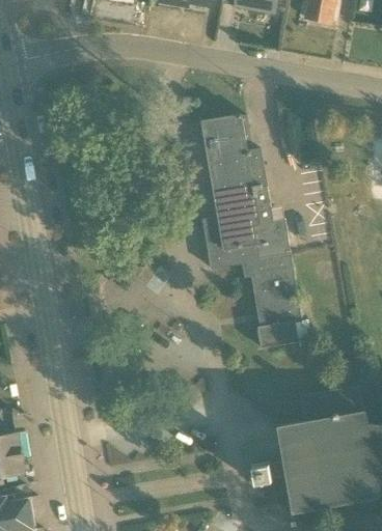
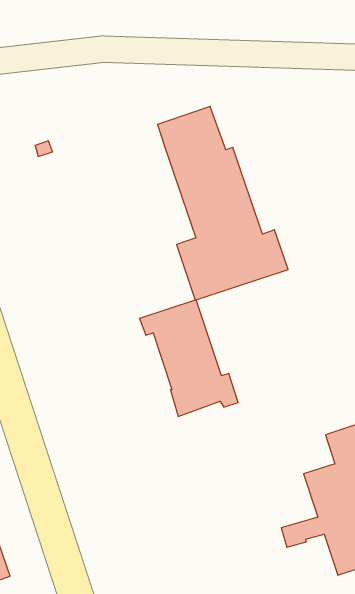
building: [241,256,311,350] -> [139,300,238,416]

